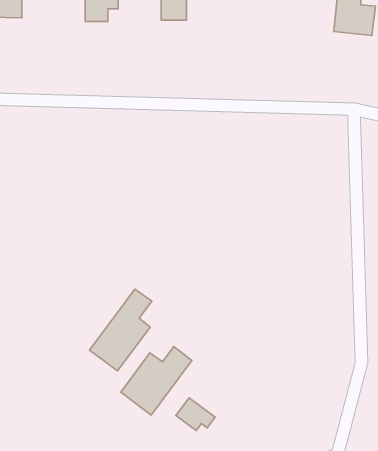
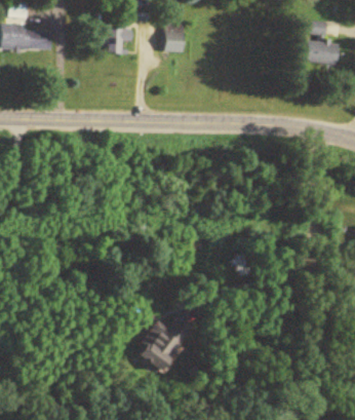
building: [90,289,152,371] -> none
building: [176,398,215,431] -> none

